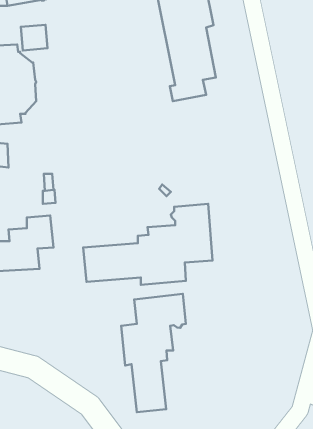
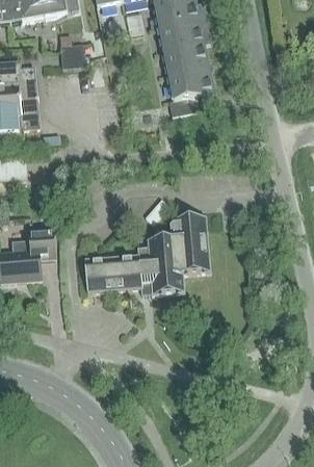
building: [21,25,48,50] -> [58,43,84,68]
building: [121,294,186,412] -> none

